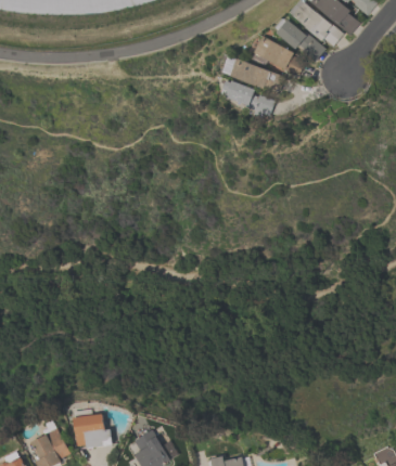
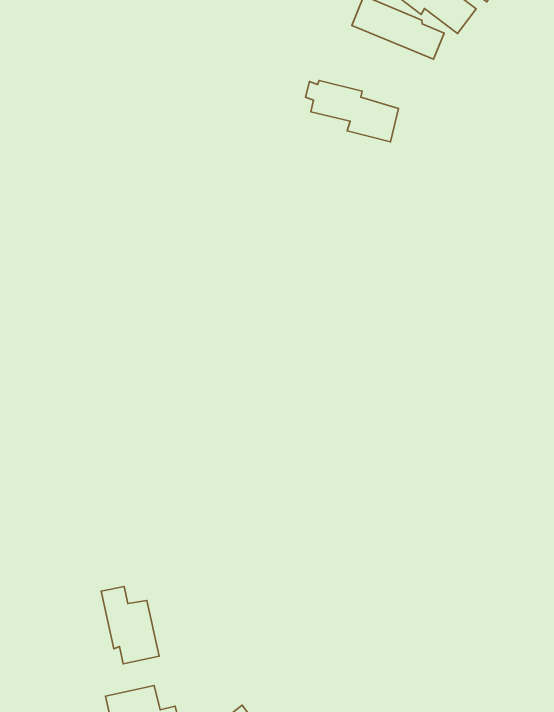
building: [230,59,284,91] -> none
building: none -> [101,586,159,664]

